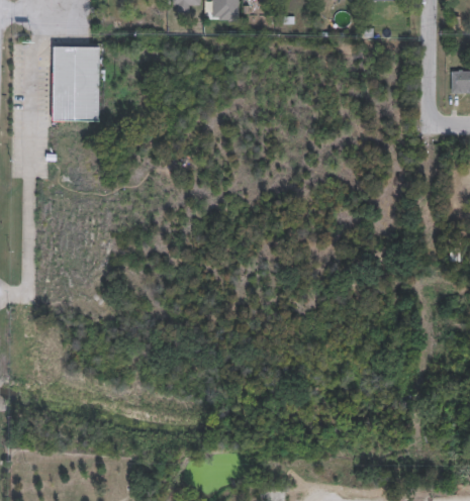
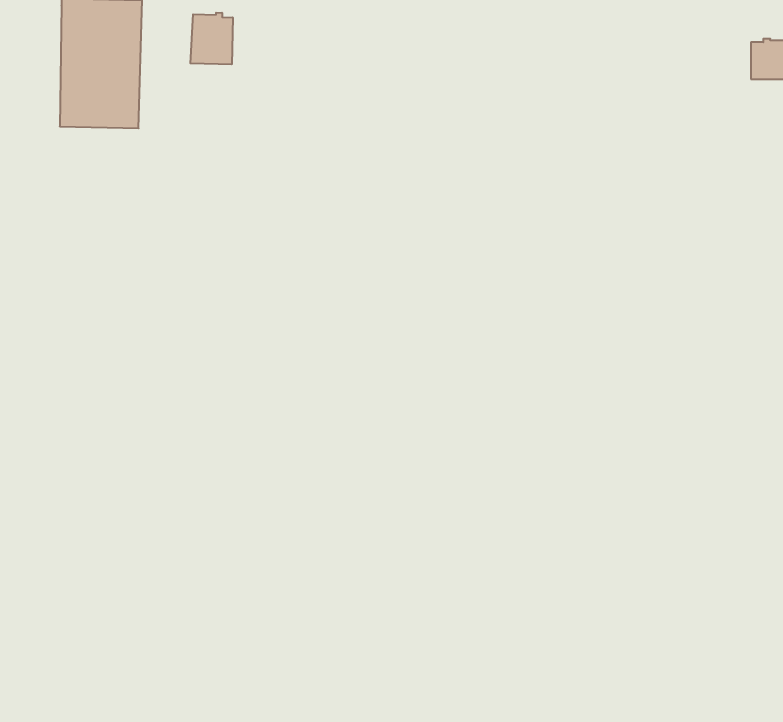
building: none -> [190,13,233,64]

